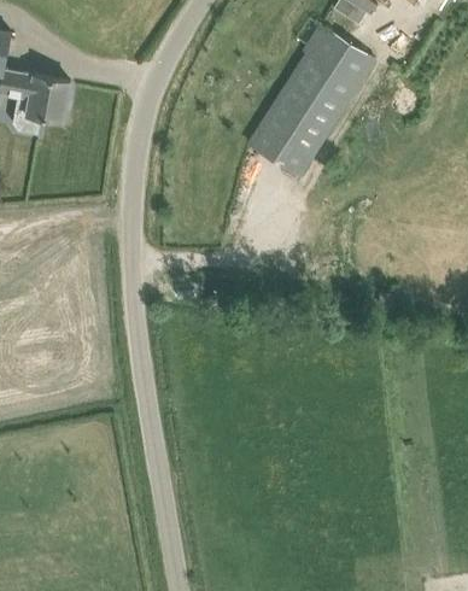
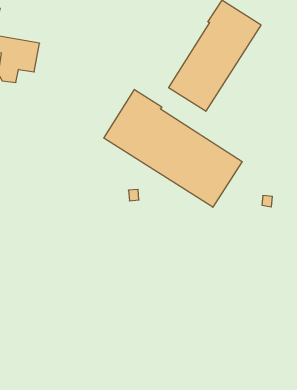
building: none -> [104,89,242,207]

